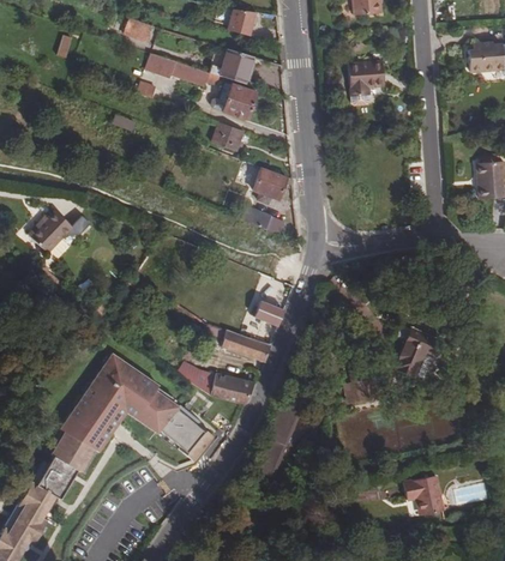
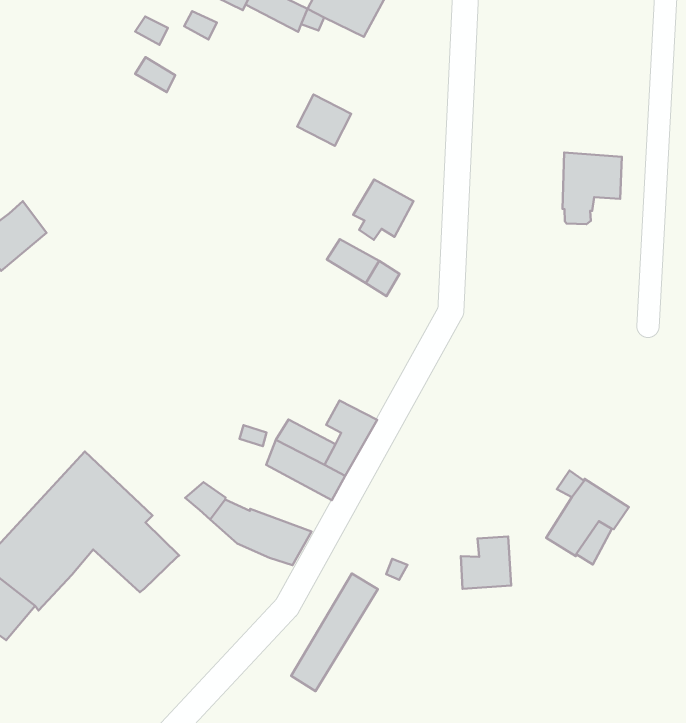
building: [347,60,384,104] -> [562,153,622,224]
building: [211,83,257,120] -> none
building: [160,409,214,460] -> none

